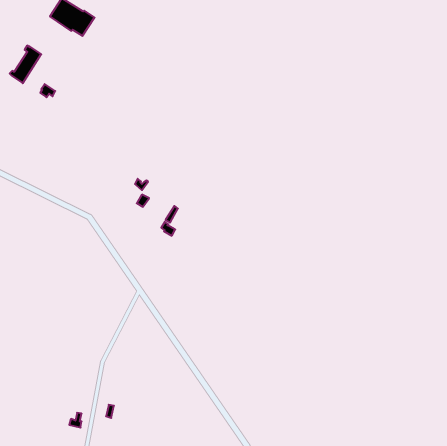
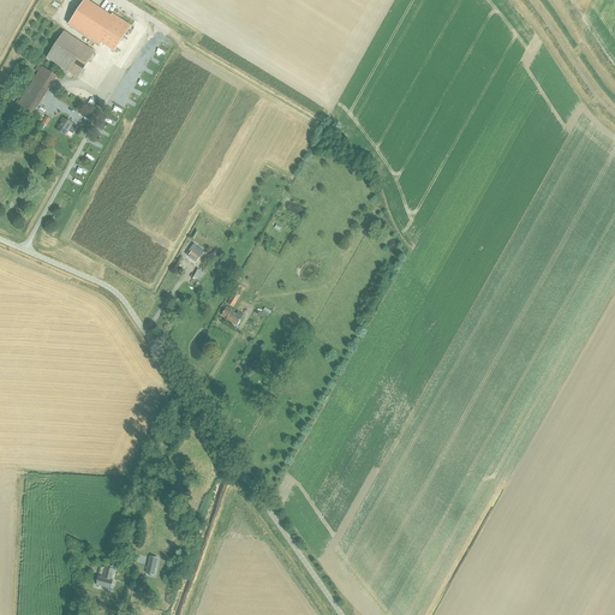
building: none -> [46,30,92,76]

